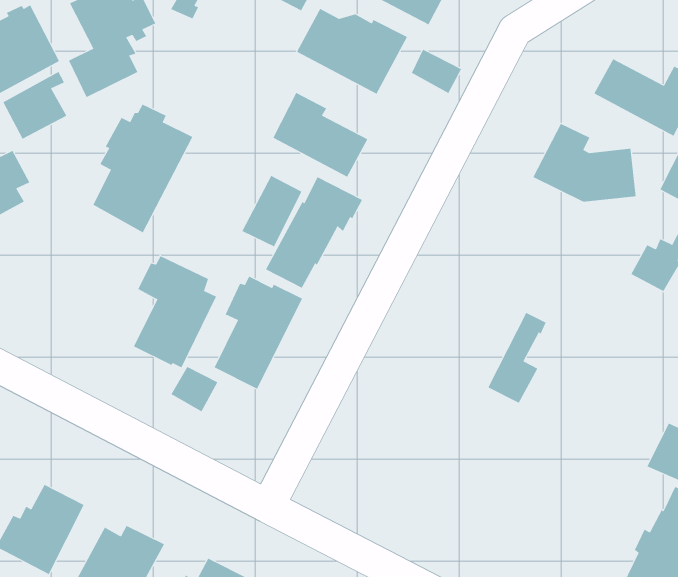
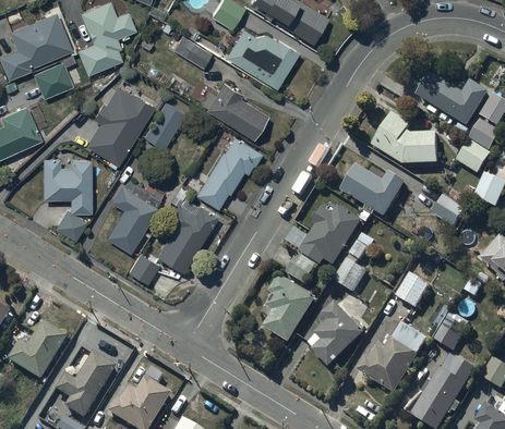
building: none -> [170,27,212,66]
building: [411,49,462,94] -> none
building: [241,175,302,247] -> [143,100,184,147]
building: none -> [341,164,407,217]
building: none -> [43,156,92,237]
building: none -> [287,206,362,284]
building: none -> [393,272,432,308]
building: none -> [264,274,317,342]
building: none -> [309,302,368,367]
building: none -> [358,322,429,393]

